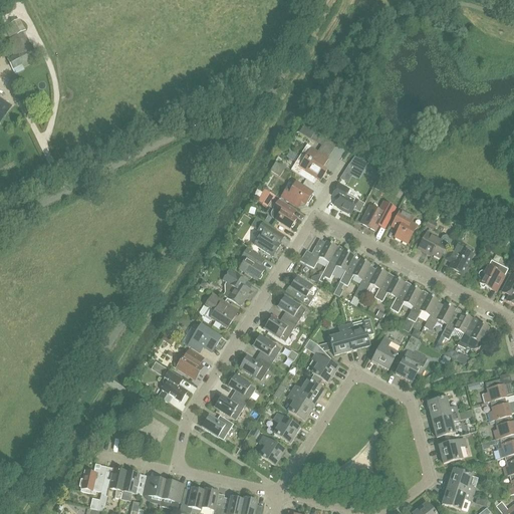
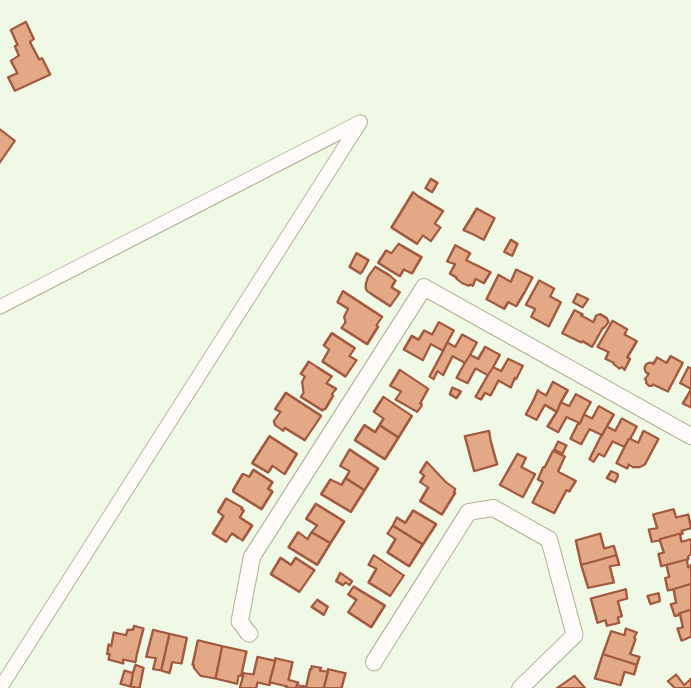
building: [373,275,404,300] -> none
building: [328,323,351,354] -> none

